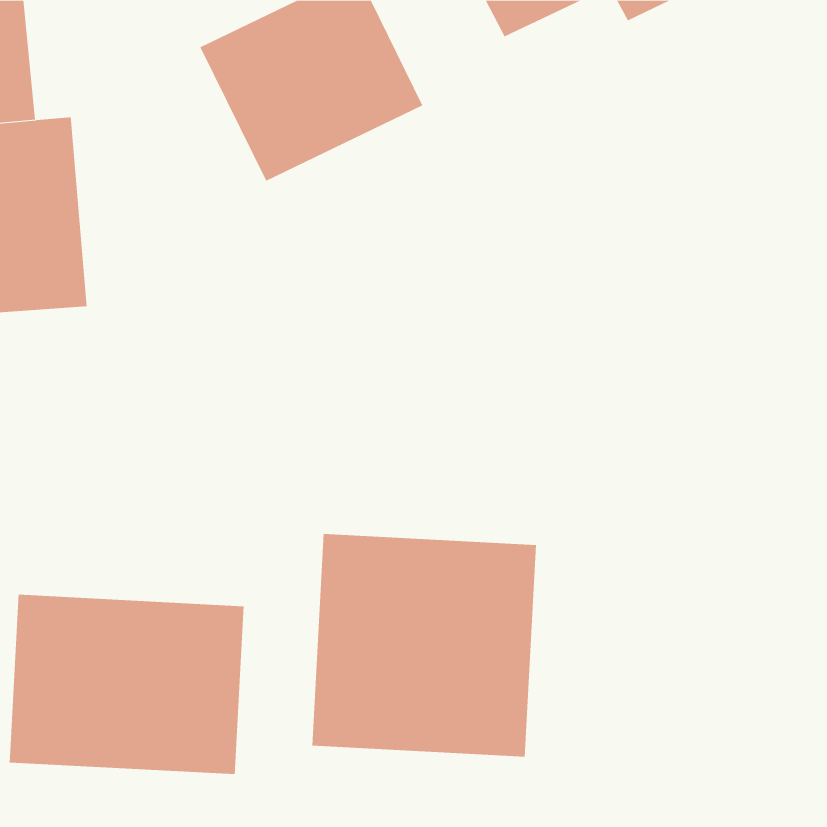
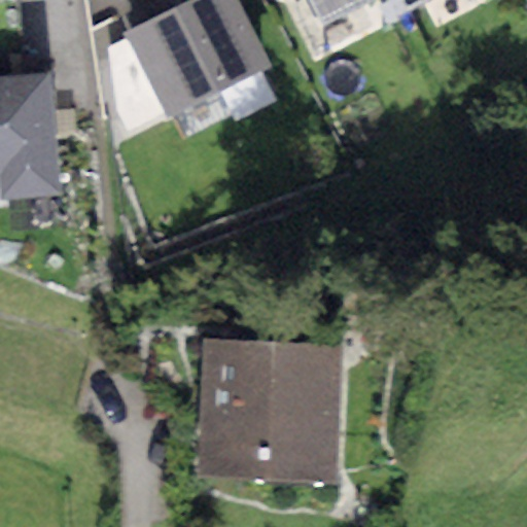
building: [9,594,244,775] -> none

